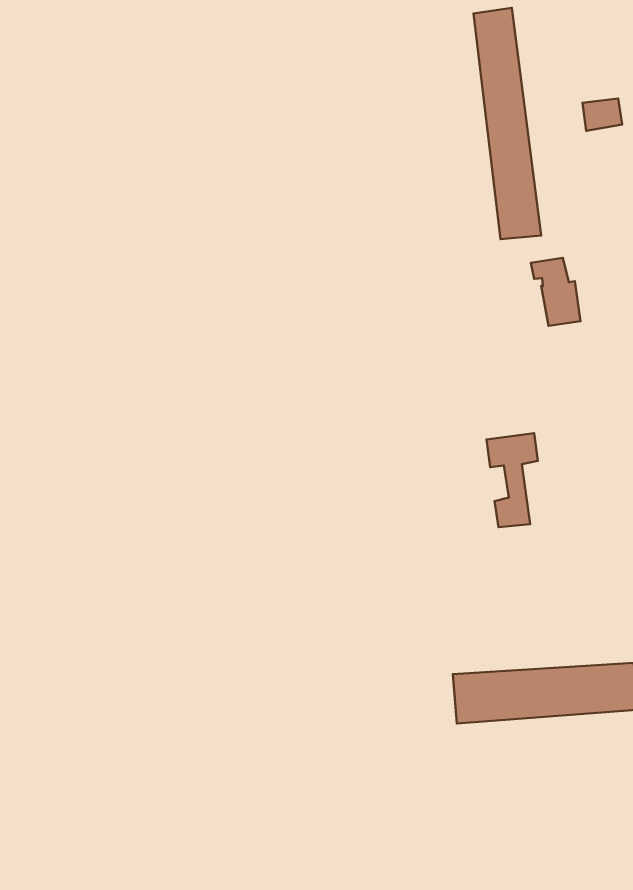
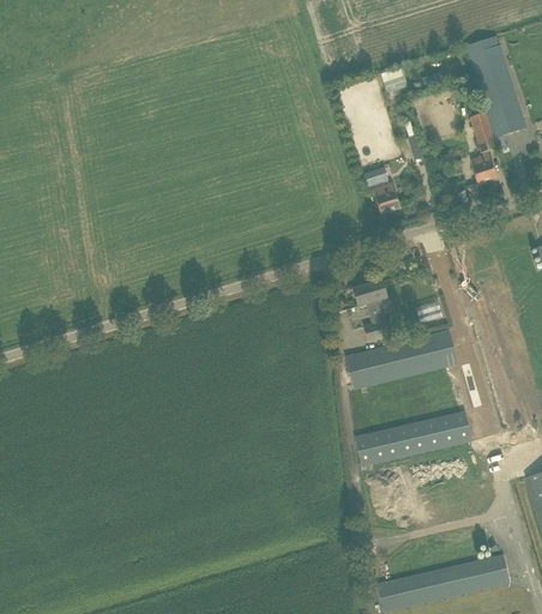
building: [473,8,541,239] -> none
building: none -> [345,333,447,390]

